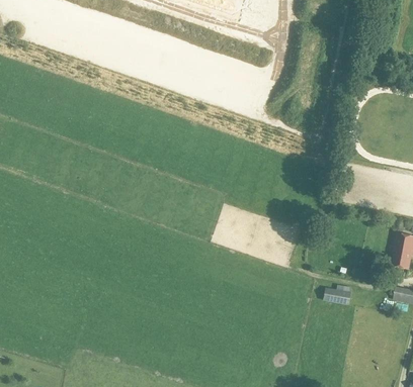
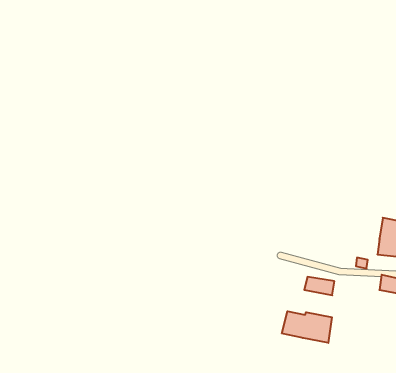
building: none -> [282,311,332,343]

